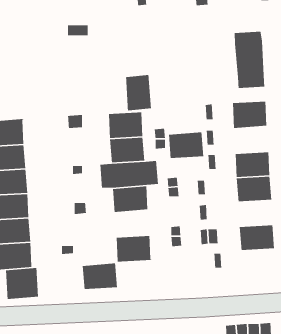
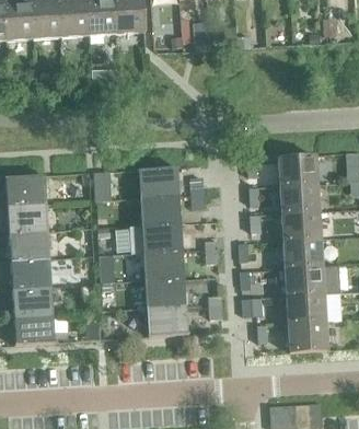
building: [234,31,265,89] -> none
building: [125,74,152,112] -> none
building: [168,131,204,159] -> [279,183,320,213]
building: none -> [285,266,324,295]
building: none -> [288,321,328,352]
building: [82,263,118,290] -> [146,277,186,308]
building: [5,267,39,300] -> none

